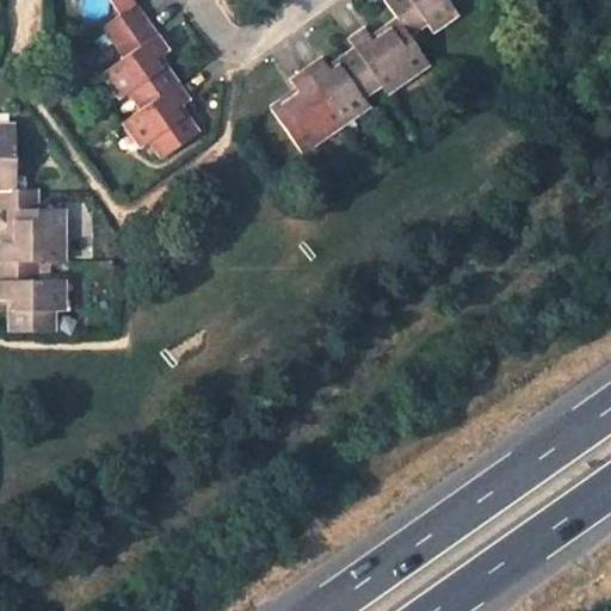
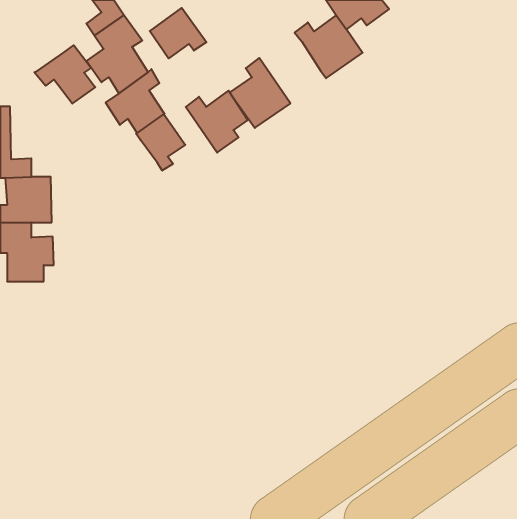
building: none -> [150,8,206,58]
building: [307,49,379,122] -> [186,91,248,153]
building: none -> [34,45,95,104]
building: none -> [136,114,185,171]

